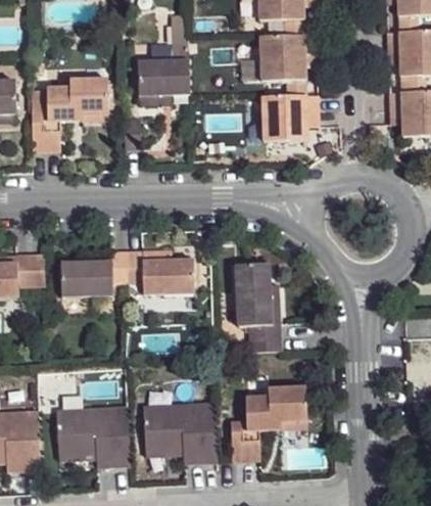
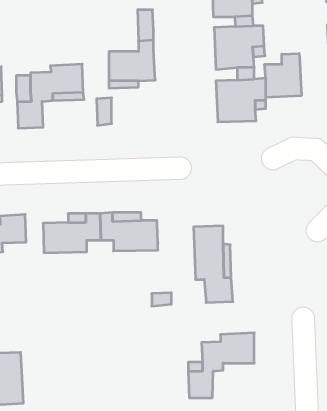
building: none -> [265,53,301,97]
building: [140,403,217,463] -> none
building: [54,407,128,468] -> none

